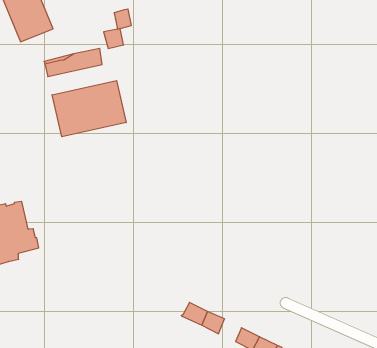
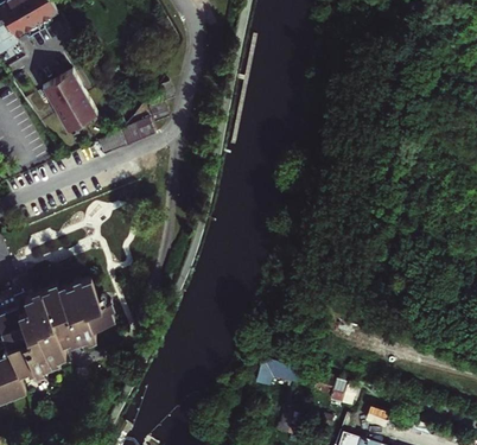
building: [52,81,126,137] -> none

